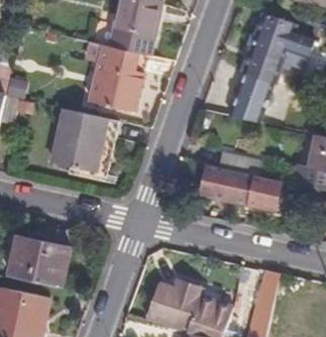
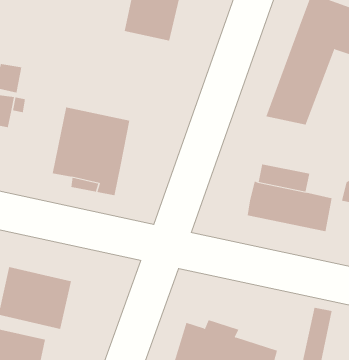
building: [87,43,146,110] -> none

